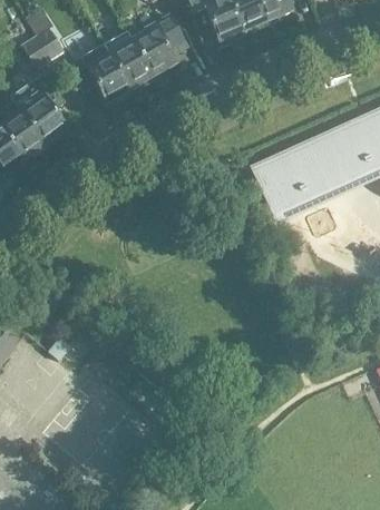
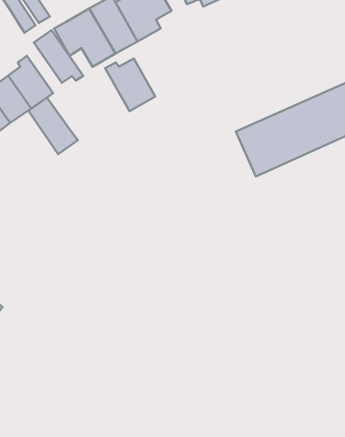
building: none -> [34,30,83,83]
building: none -> [105,59,155,111]
building: none -> [29,97,78,154]

